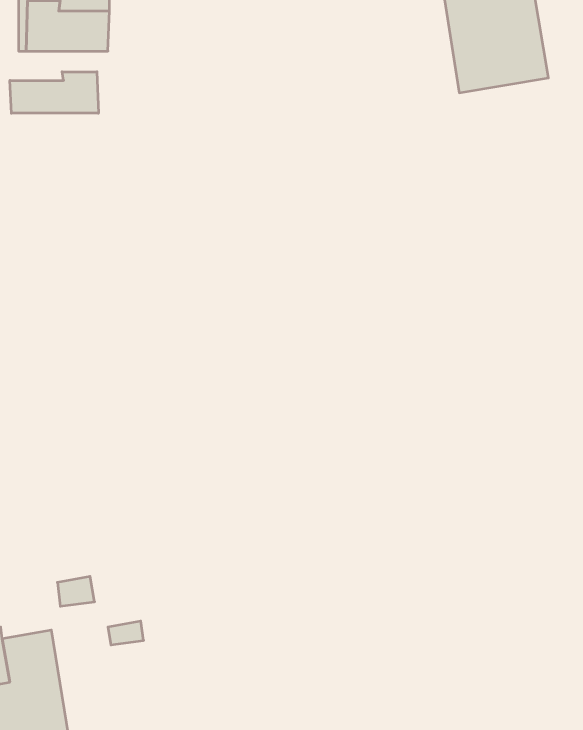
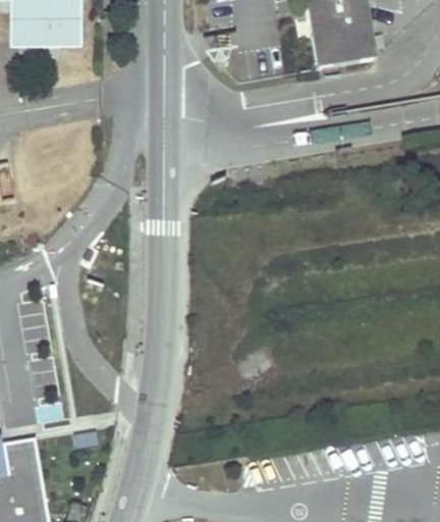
building: [10,72,98,113] -> none

